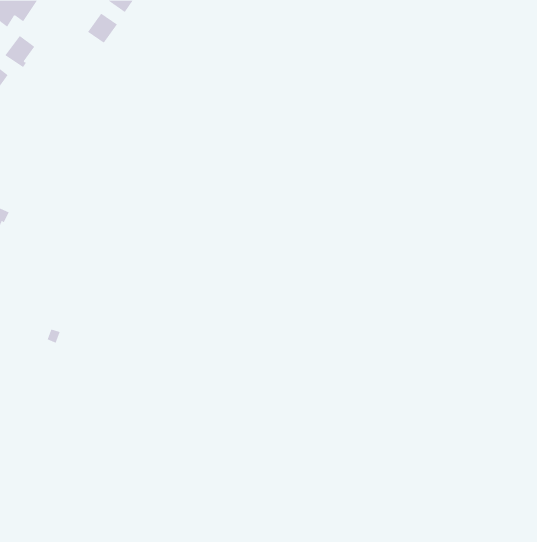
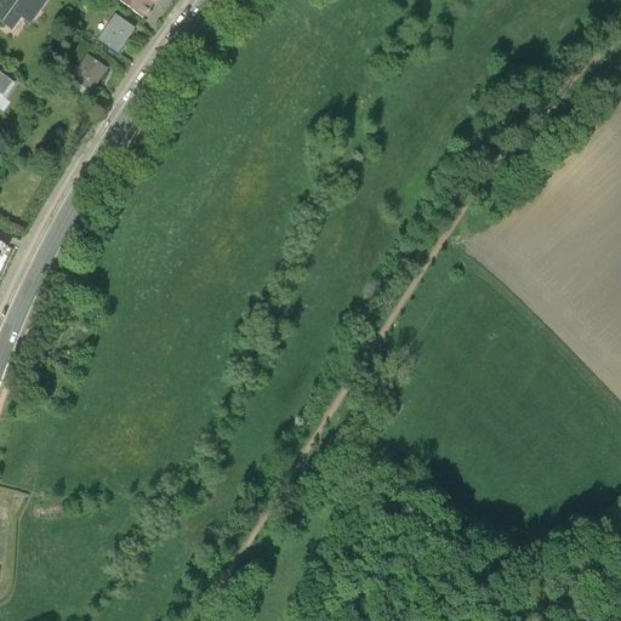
building: [4,35,35,68] -> [72,53,107,91]

